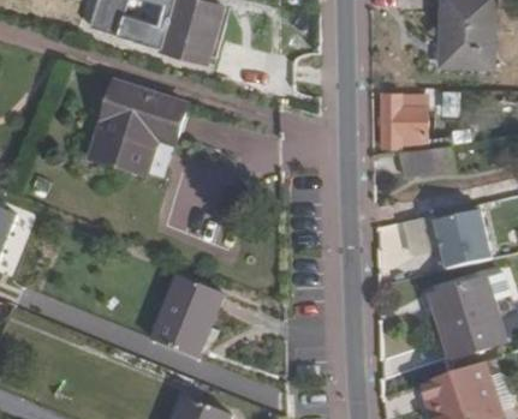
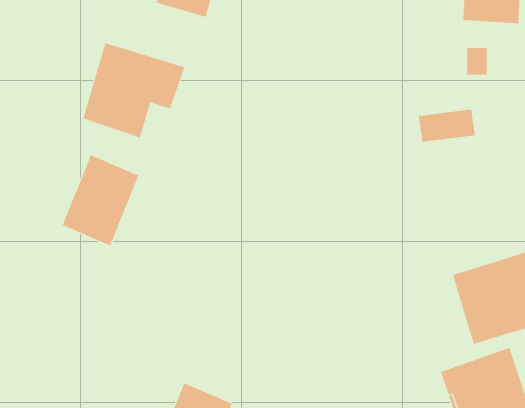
building: [379,92,423,148] -> none
building: [434,211,487,269] -> none
building: [150,275,221,359] -> [62,154,139,246]

